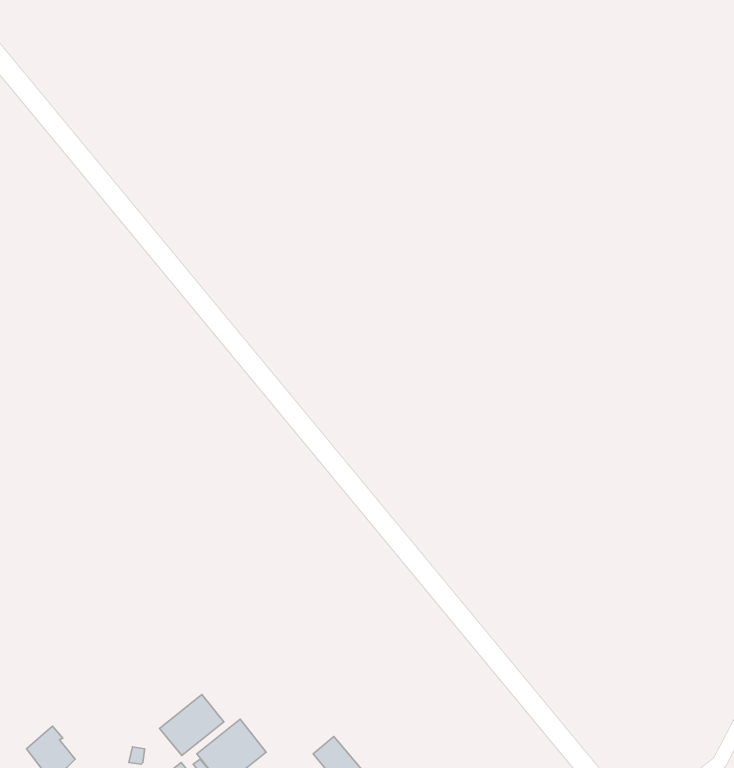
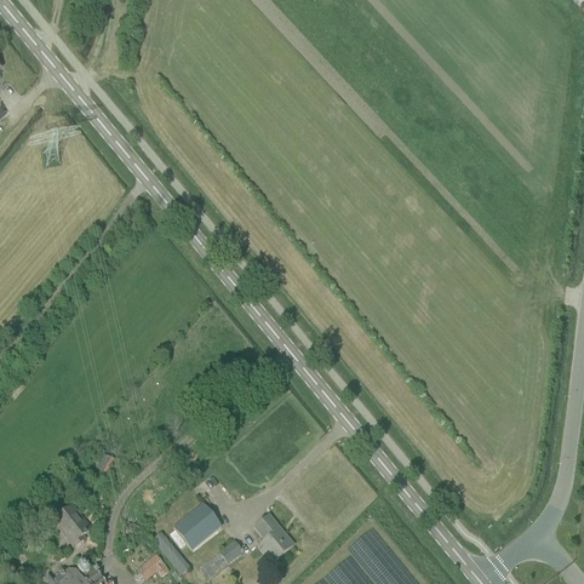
building: [160,695,224,756] -> none

